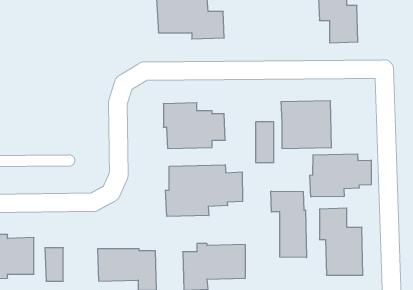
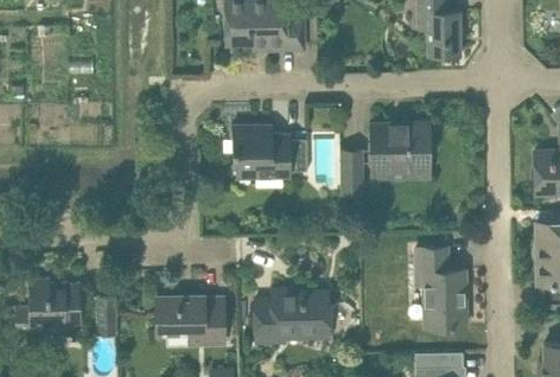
building: [310,154,371,197] -> none
building: [165,165,243,216] -> none
building: [271,191,306,258] -> none

